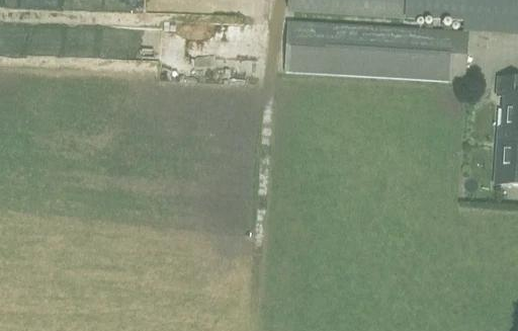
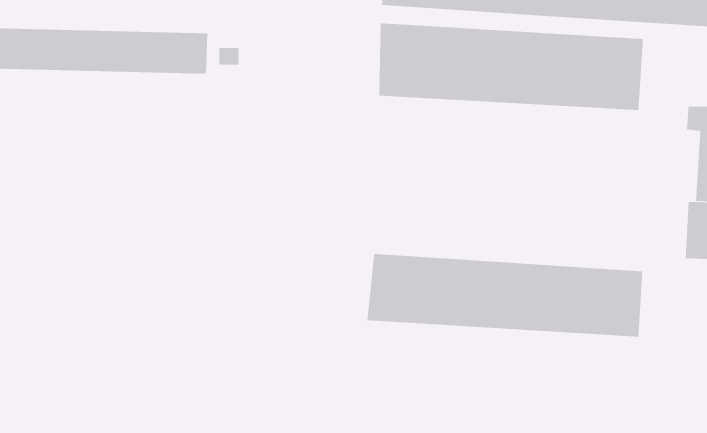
building: none -> [367,253,643,337]

